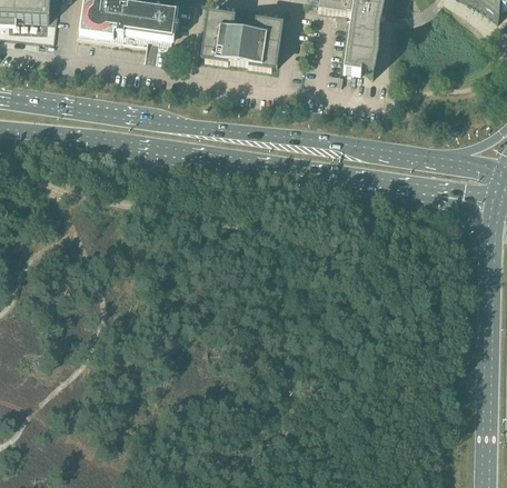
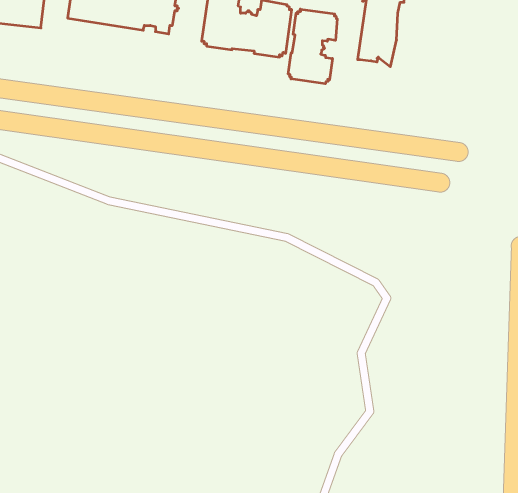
building: none -> [288,9,337,84]

